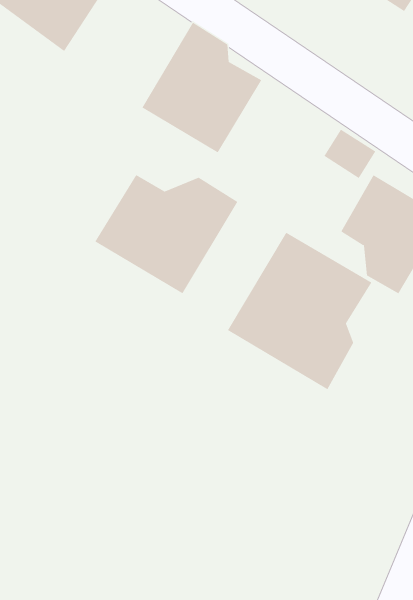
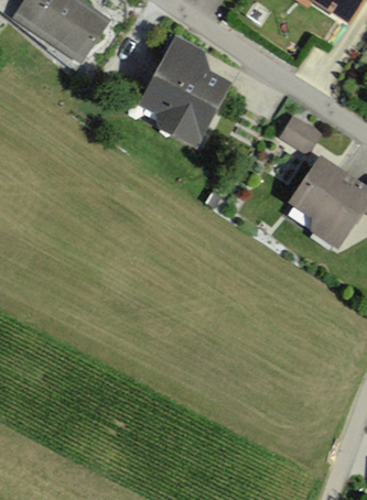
building: [95,174,238,294] -> none
building: [227,232,372,390] -> none

